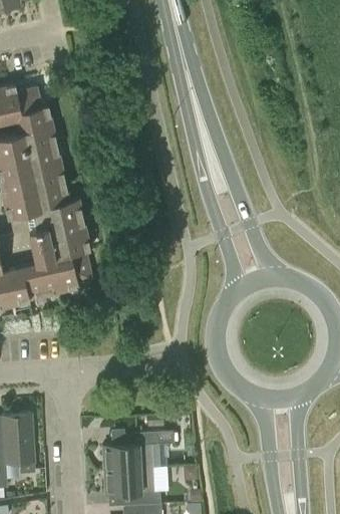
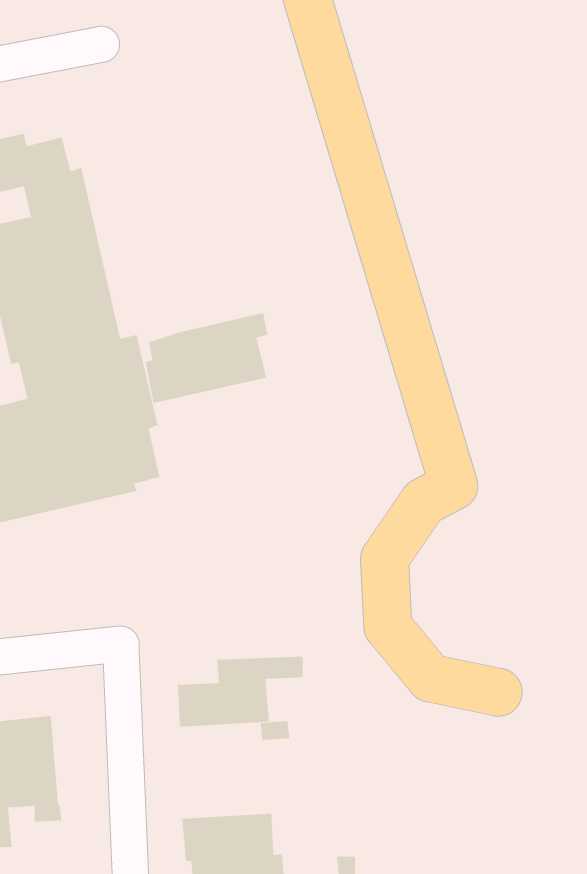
building: none -> [145,312,268,404]
building: [103,432,175,472] -> [177,656,304,727]

